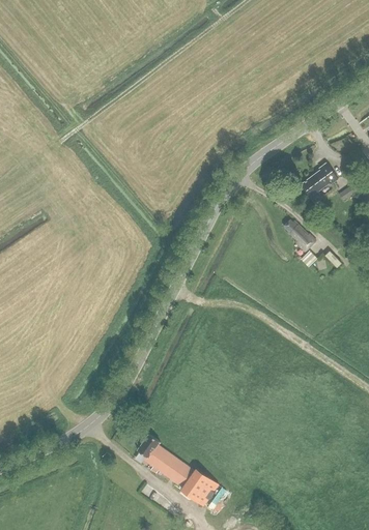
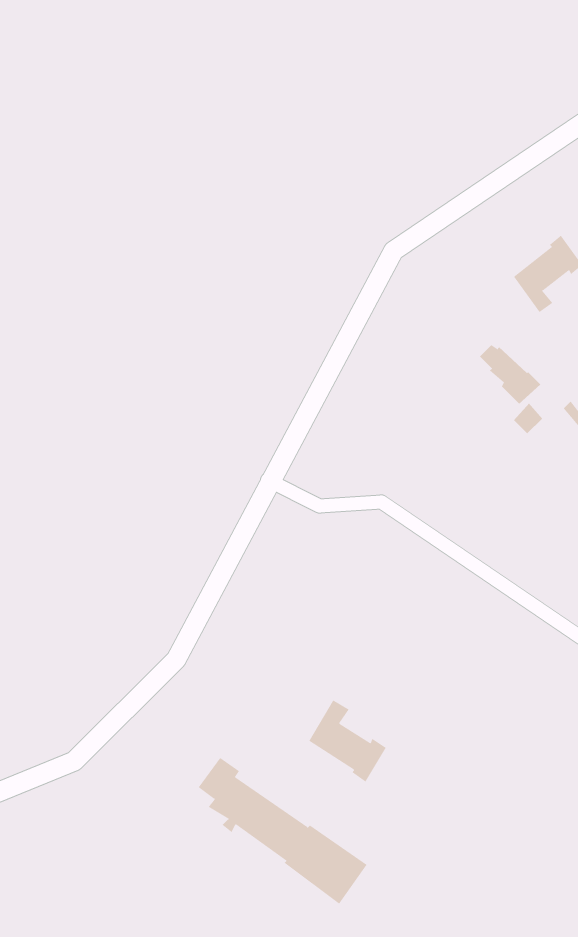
building: none -> [309,699,386,782]

